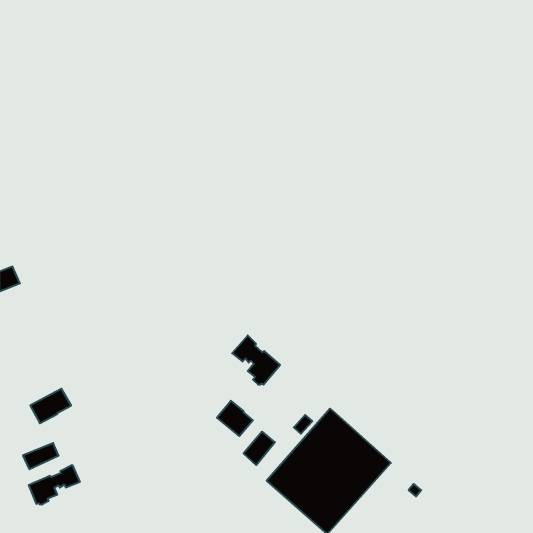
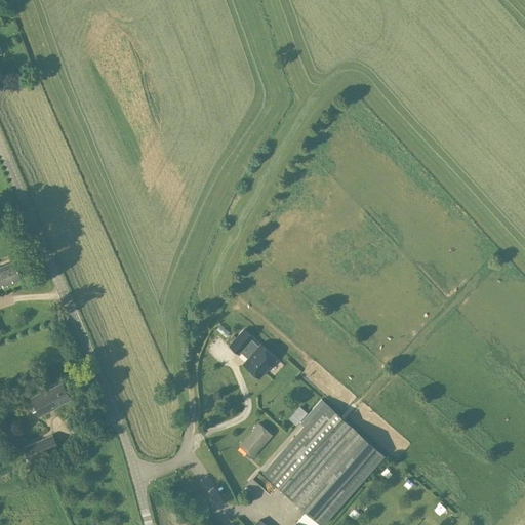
building: [217,401,253,436] -> none
building: [29,465,80,505] -> none

